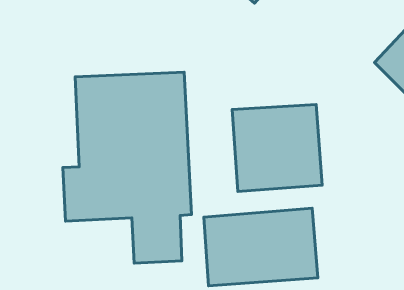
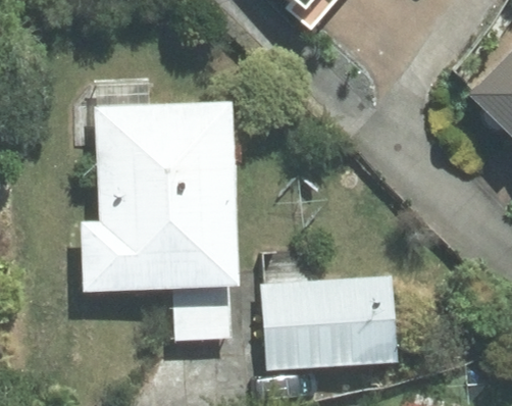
building: [232,104,322,191] -> none

